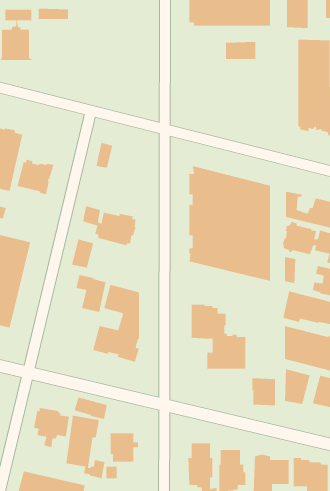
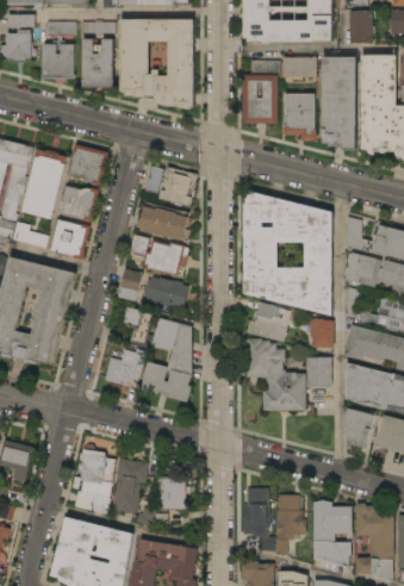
building: none -> [120,20,193,110]
building: none -> [82,39,113,87]
building: none -> [322,57,355,150]
building: none -> [242,61,279,124]
building: none -> [282,94,316,141]
building: none -> [68,144,108,187]
building: none -> [159,167,195,206]
building: none -> [135,202,191,241]
building: none -> [50,219,89,261]
building: none -> [142,278,188,308]
building: none -> [245,303,290,343]
building: none -> [309,319,334,348]
building: none -> [104,349,145,385]
building: [251,377,276,406] -> [305,357,331,388]
building: [74,397,108,420] -> [73,491,110,516]

